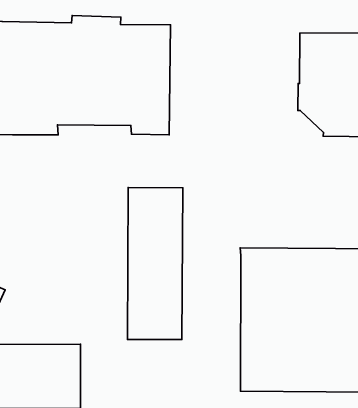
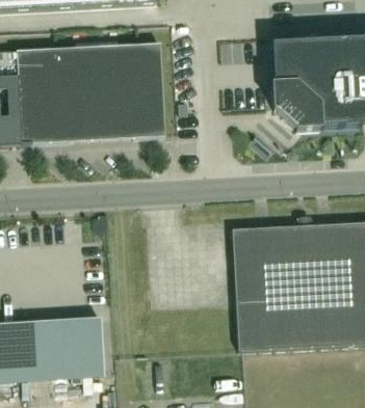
building: [127,188,183,340] -> none

